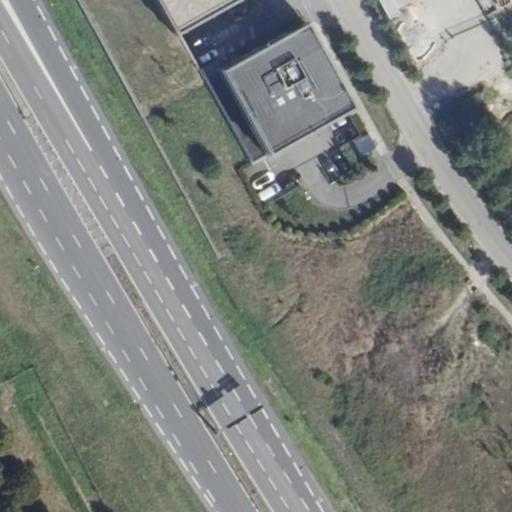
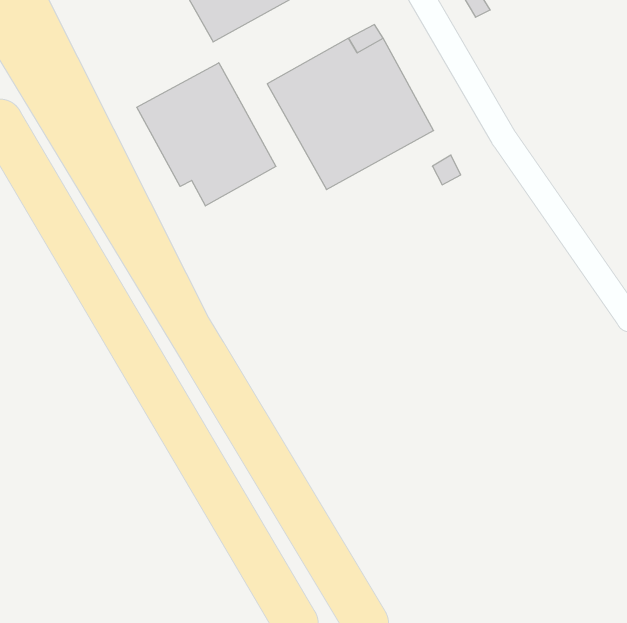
building: none -> [137,63,276,206]

